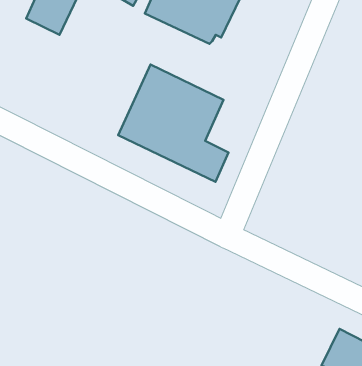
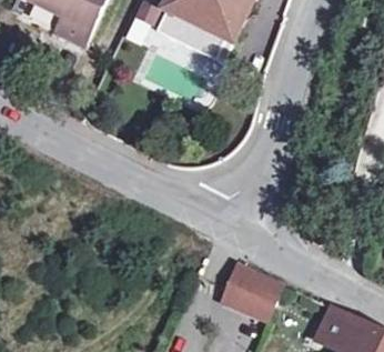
building: [118,65,229,182] -> none
building: none -> [218,263,280,320]

